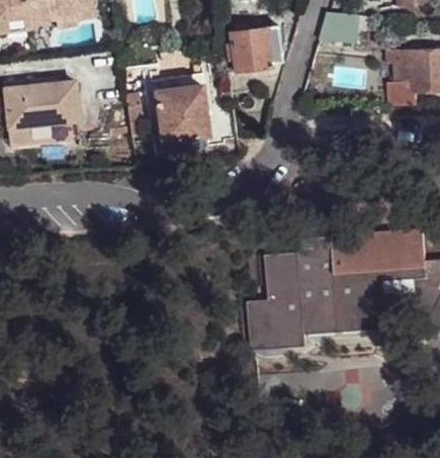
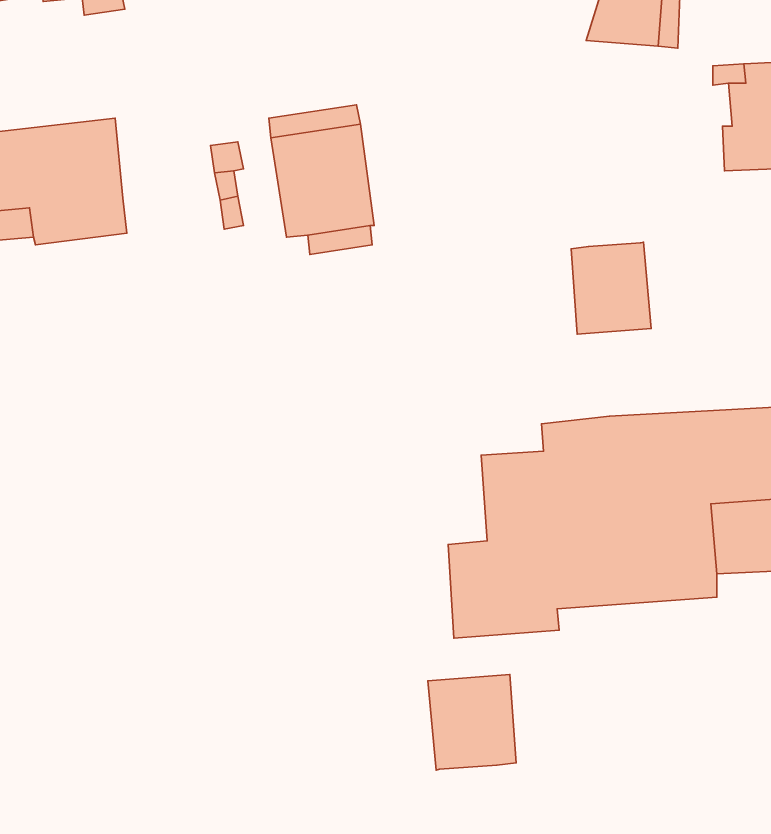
building: [225,25,282,72] -> none
building: none -> [571,242,651,334]
building: none -> [428,675,516,770]

